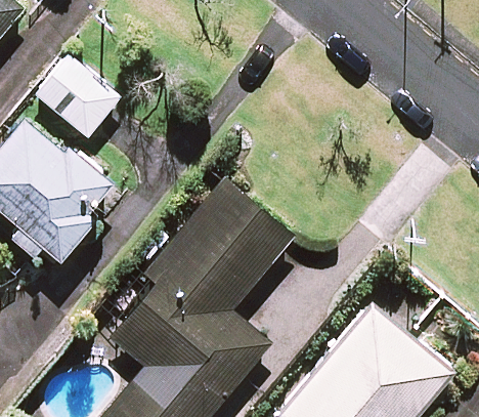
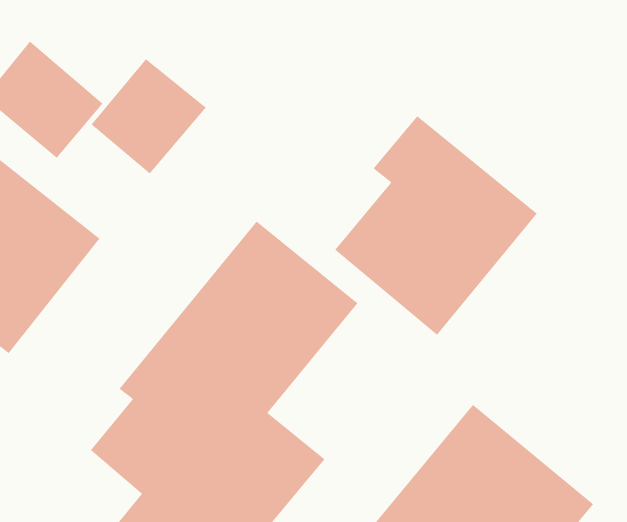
building: none -> [90,58,207,174]
building: none -> [334,115,538,336]

